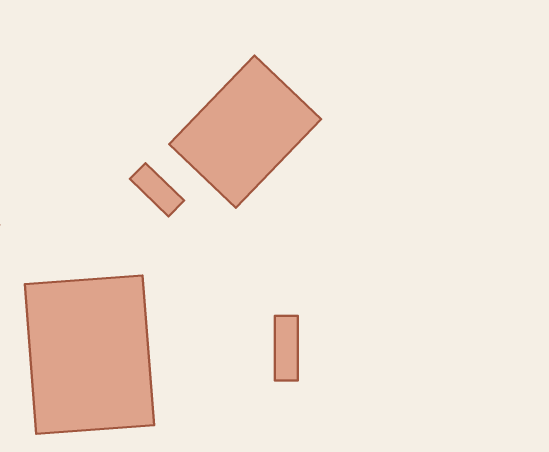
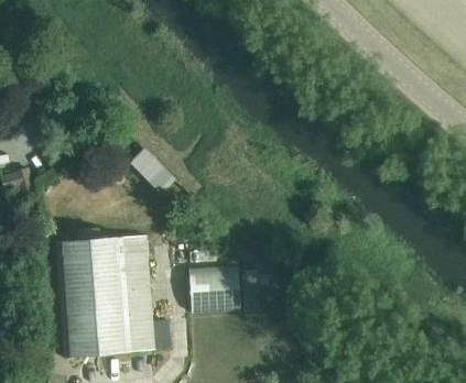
building: [169,55,321,208] -> none
building: none -> [189,266,240,313]

